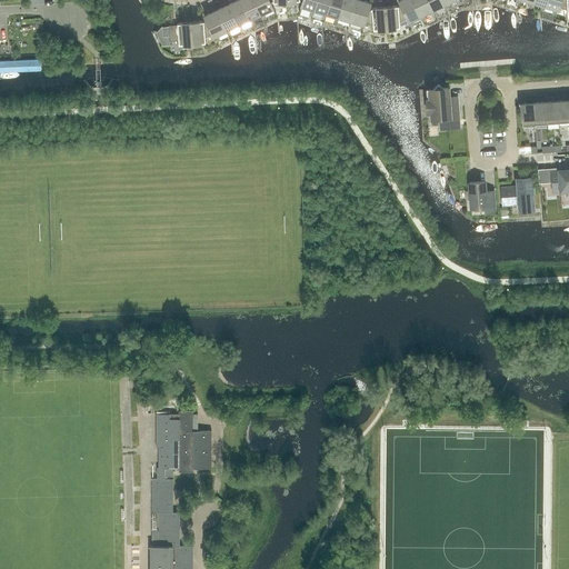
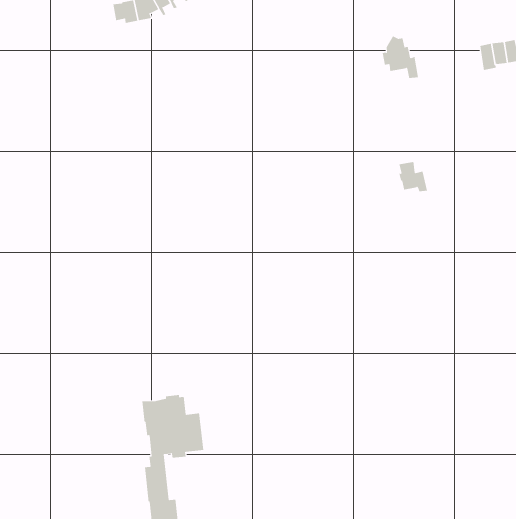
building: [501,177,533,211] -> none
building: [468,181,495,211] -> [398,161,428,192]

